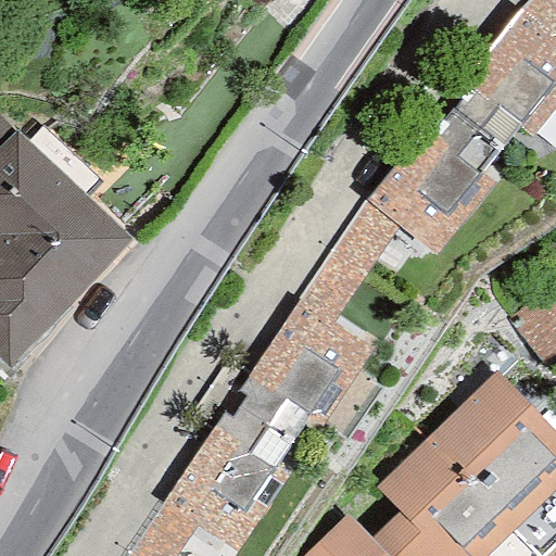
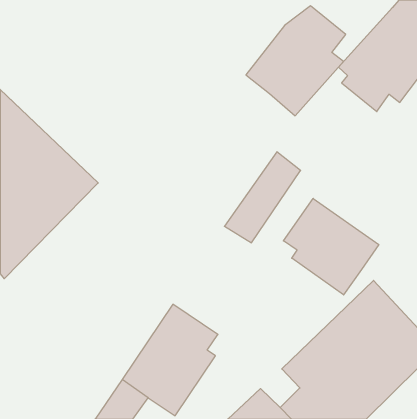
building: [369,110,502,255] -> [246,6,346,116]
building: none -> [283,198,379,295]
building: [231,300,372,443] -> none

